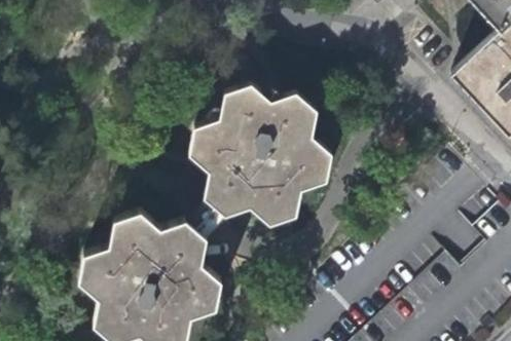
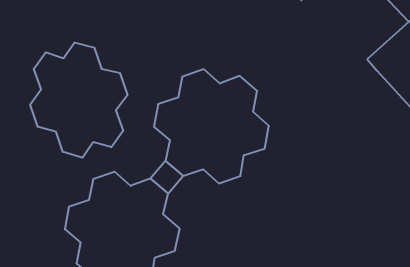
building: none -> [30,43,127,158]

